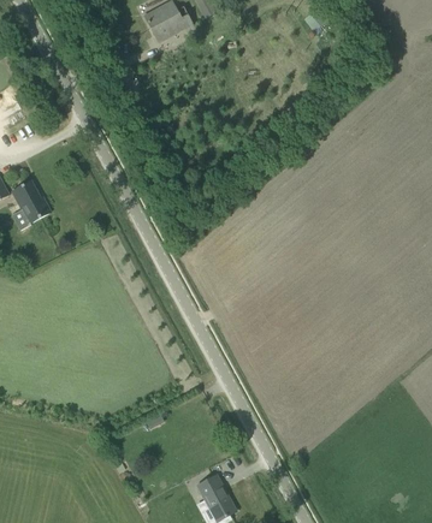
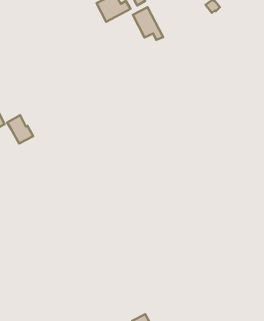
building: none -> [133,7,163,40]

